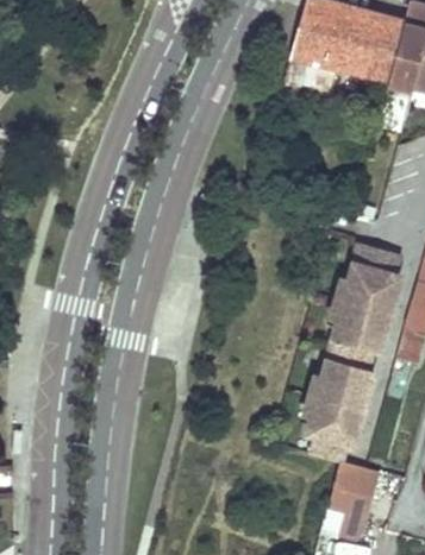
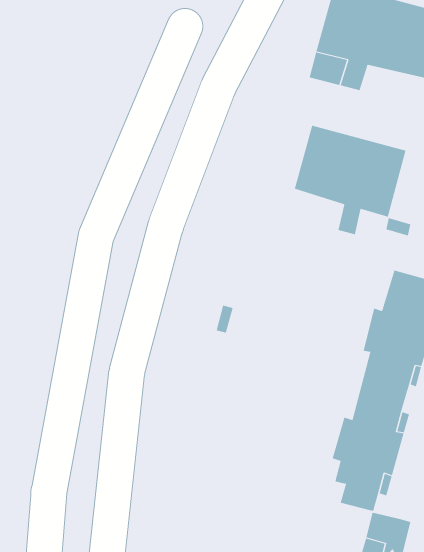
building: none -> [294,125,406,235]

